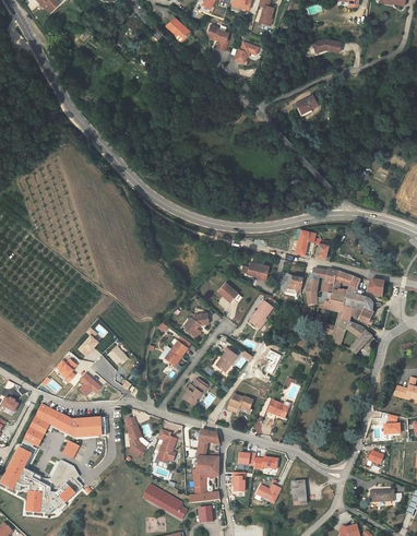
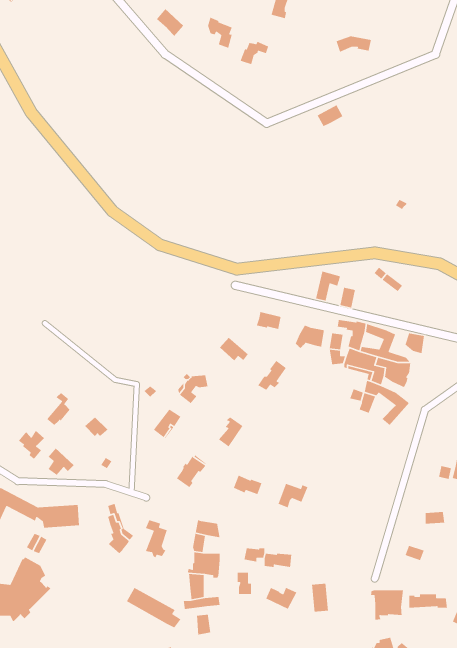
building: none -> [370,589,404,621]

